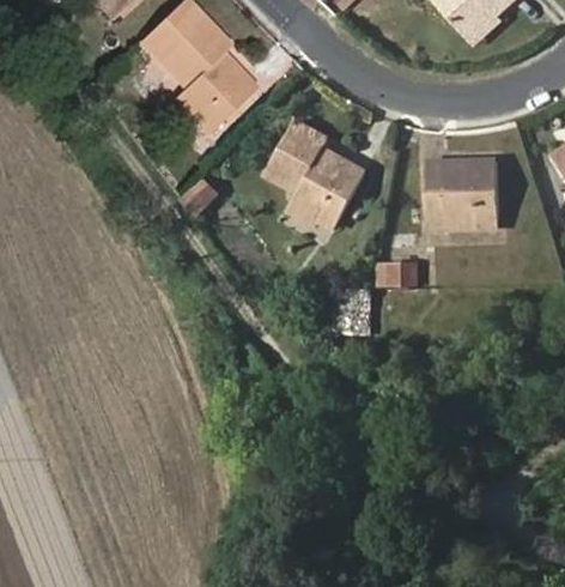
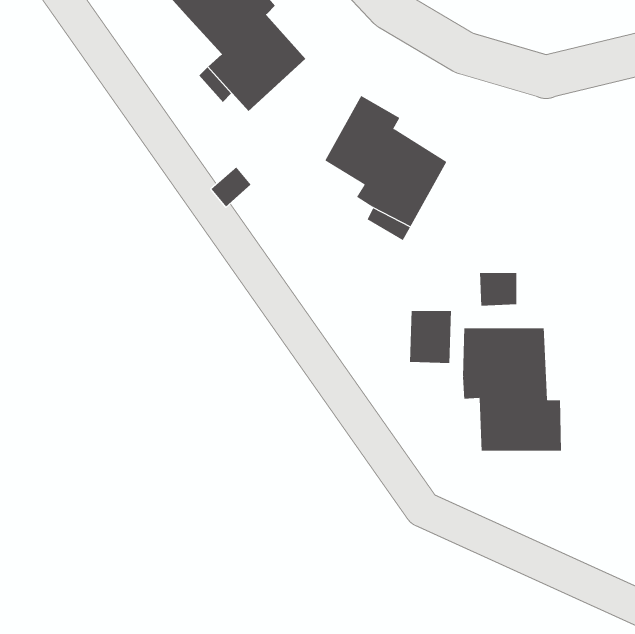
building: [426,161,499,222] -> none
building: none -> [463,328,561,452]

